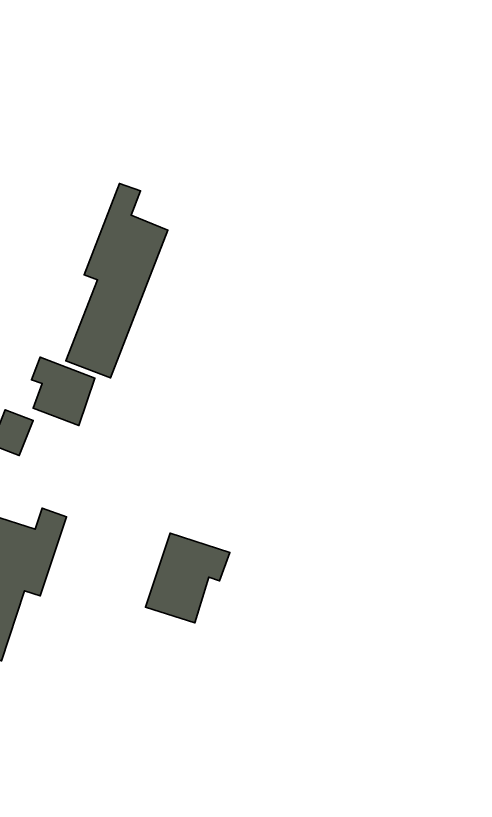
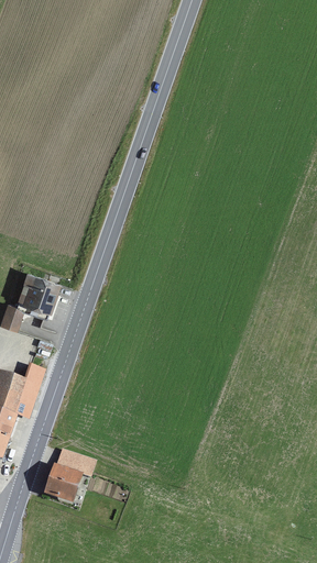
building: [66,183,168,378] -> none
building: [146,533,230,623] -> [44,449,97,505]

